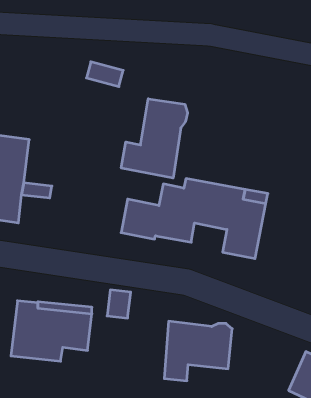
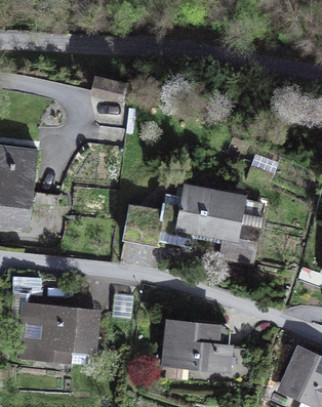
building: [121,99,188,178] -> none

